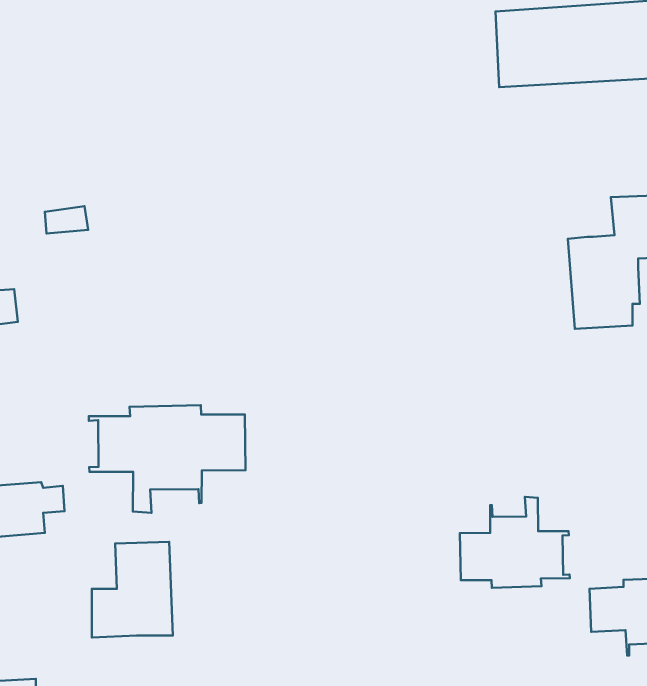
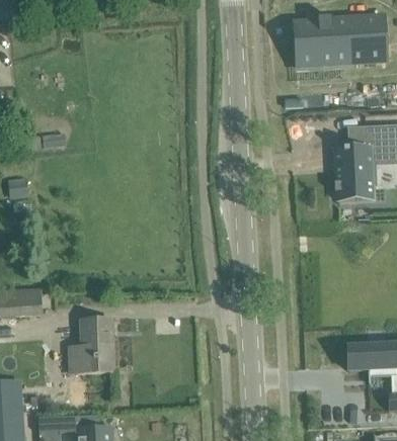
building: [89,405,246,513] -> none
building: [460,497,570,588] -> none

